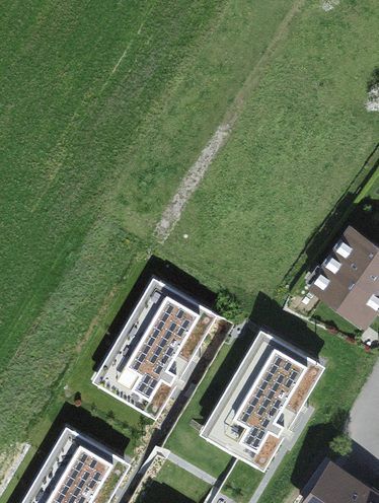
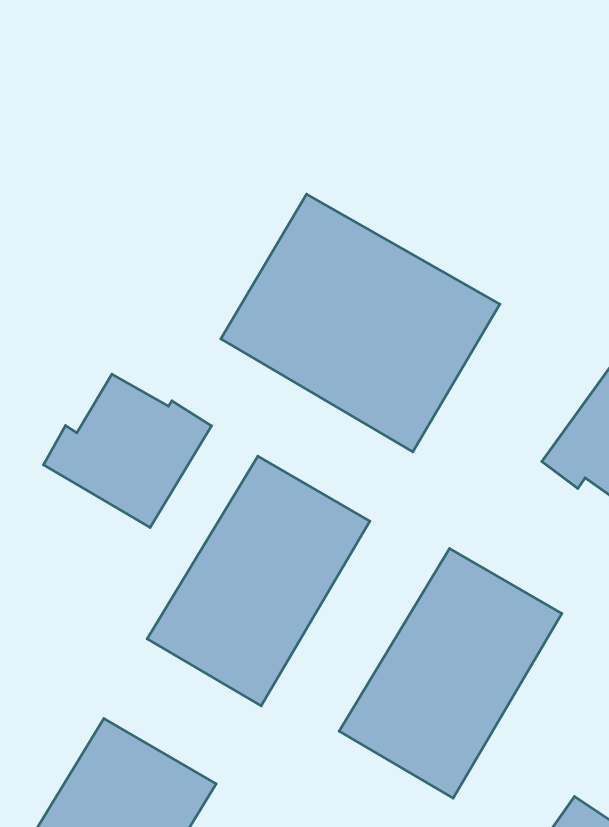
building: none -> [221,194,500,452]
building: none -> [43,374,212,528]

